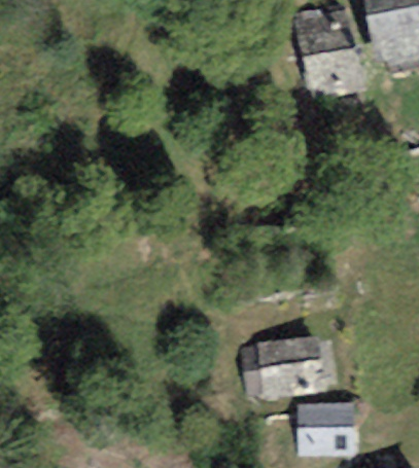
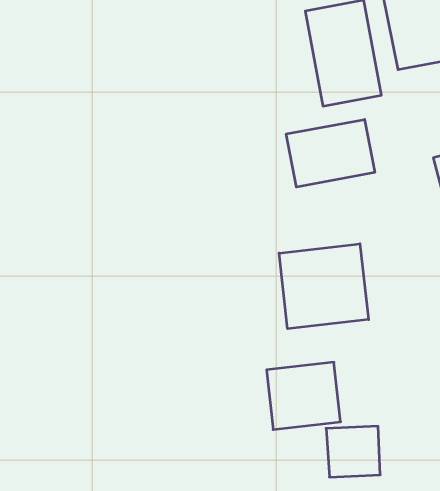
building: none -> [286,119,375,187]
building: none -> [279,244,369,329]

